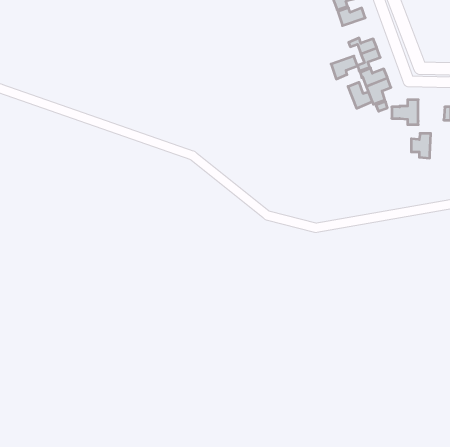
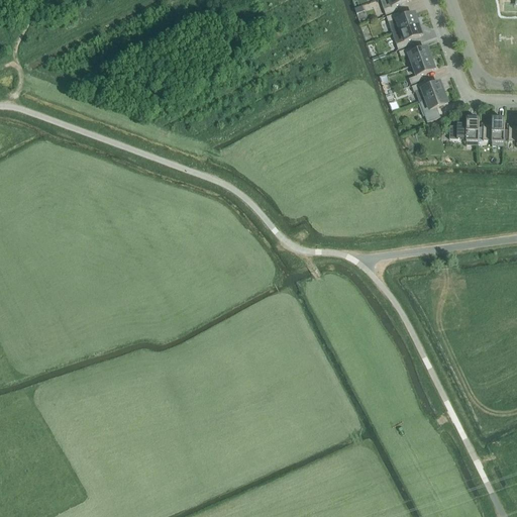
building: [331,56,357,79] -> [393,20,423,46]
building: [348,82,372,108] -> none
building: [411,133,431,158] -> [484,115,506,143]

